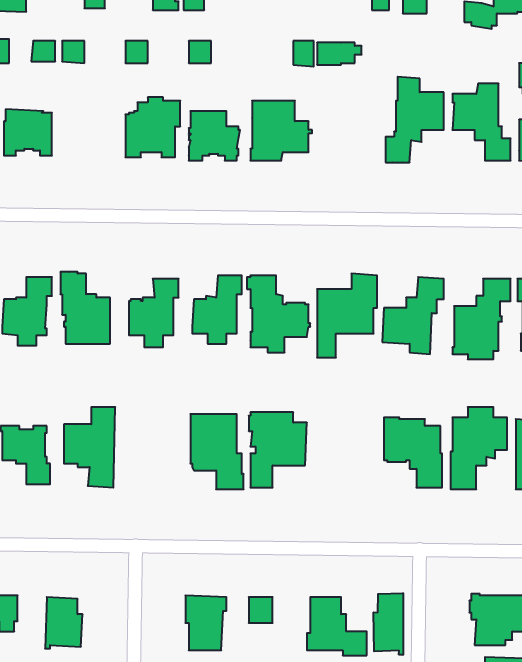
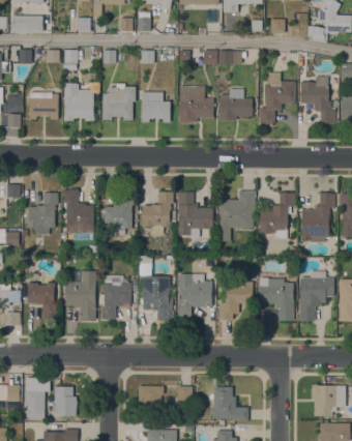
building: none -> [64,83,94,121]
building: none -> [218,89,254,120]
building: none -> [100,275,131,319]
building: none -> [218,282,253,320]
building: [374,593,403,655] -> none

